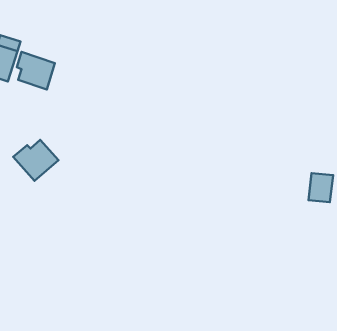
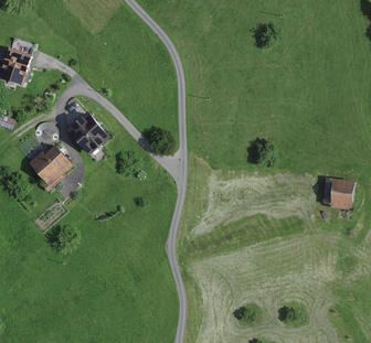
building: [17,52,55,89] -> none
building: none -> [66,111,108,154]

